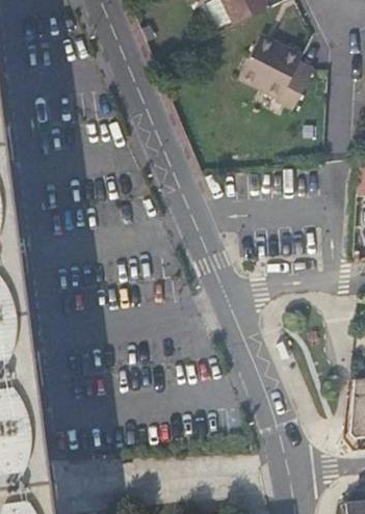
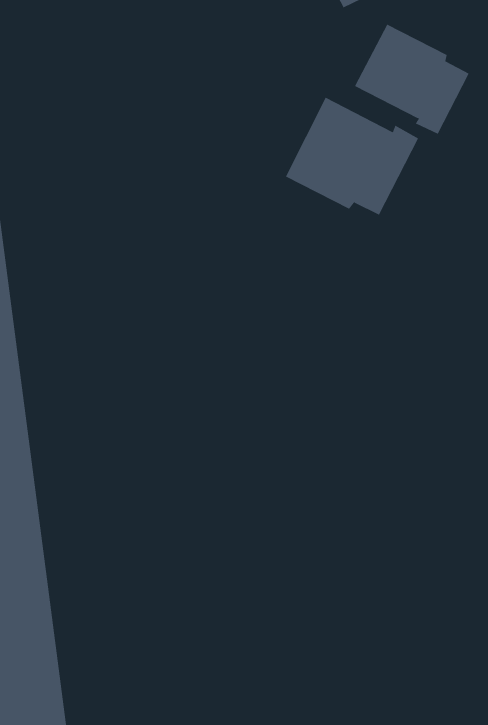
building: none -> [285,97,419,215]

